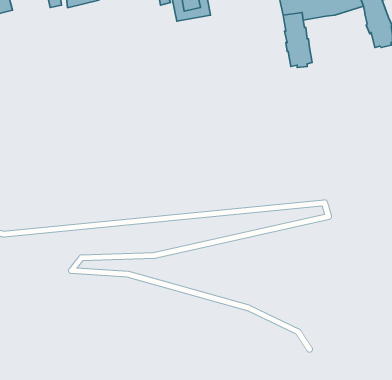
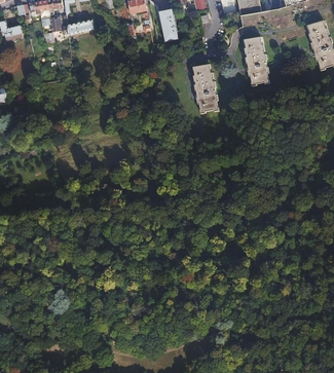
building: none -> [193,65,217,110]

